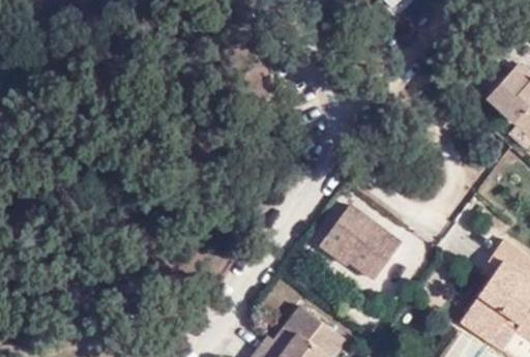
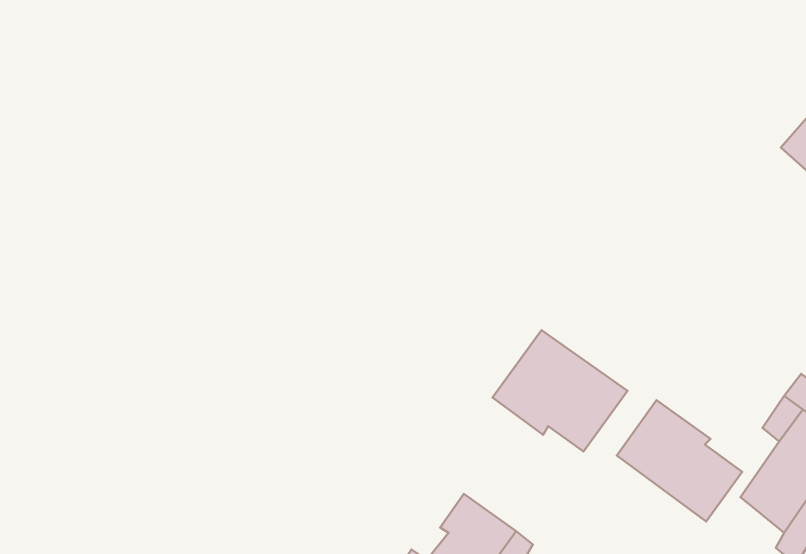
building: none -> [617,400,742,521]

